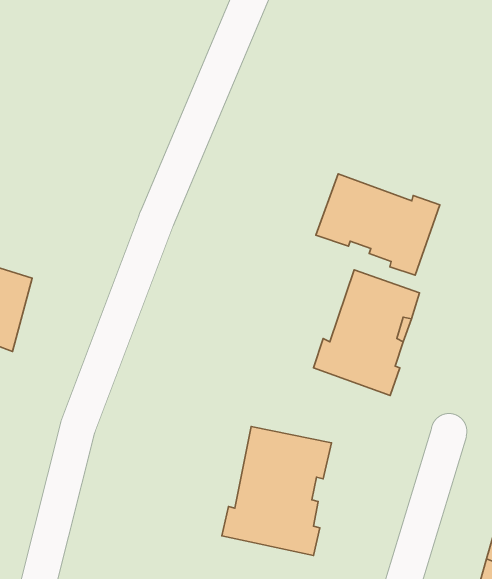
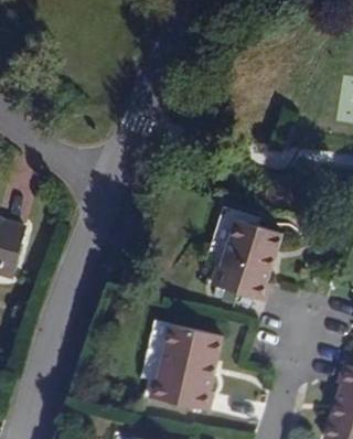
building: [316,174,440,275] -> none

